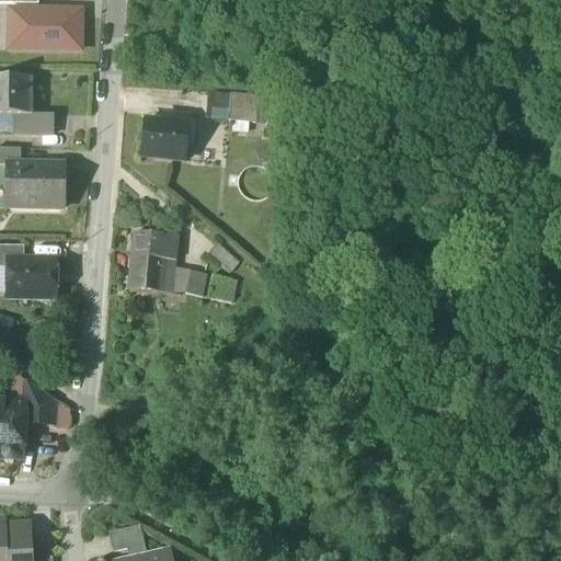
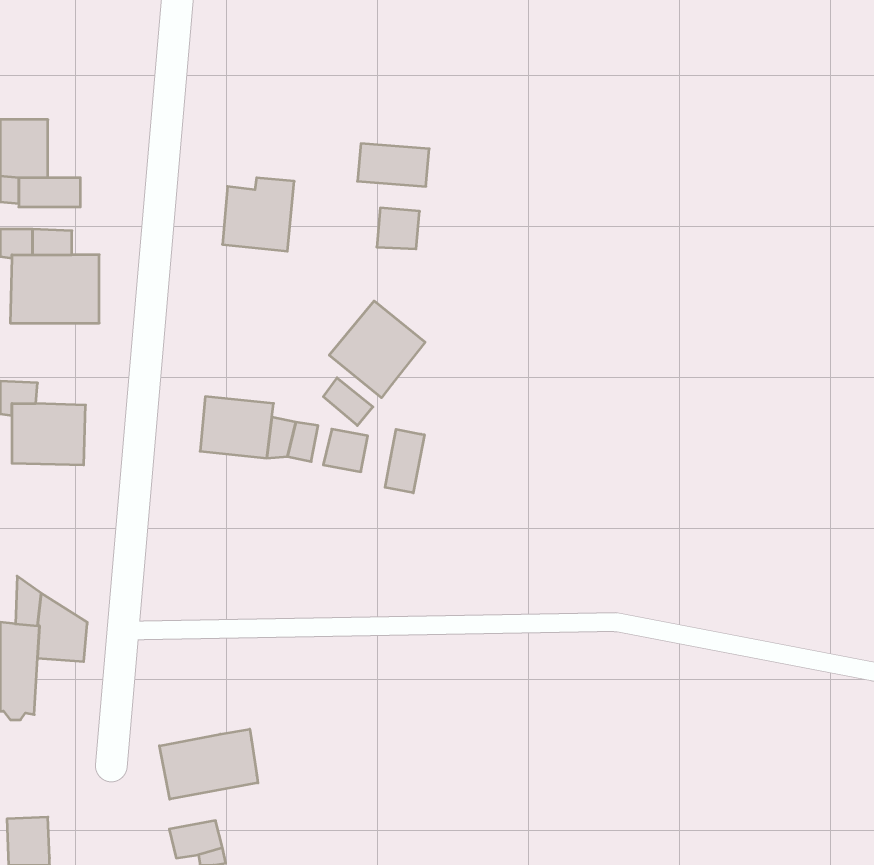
building: [9,9,80,48] -> none
building: [204,90,231,116] -> [377,208,420,249]
building: none -> [329,301,425,398]
building: [131,231,178,259] -> none
building: none -> [385,429,424,493]
building: none -> [159,729,258,799]

